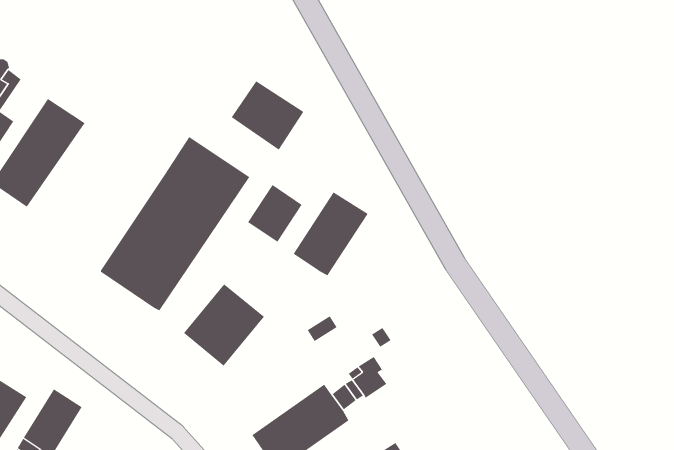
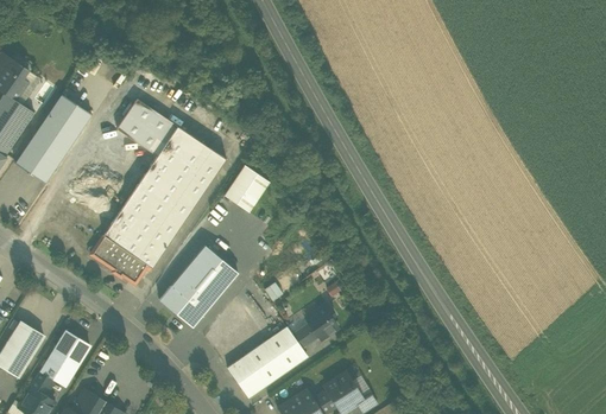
building: [231,81,305,151] -> [116,98,177,155]
building: [293,191,368,276] -> none
building: none -> [90,235,147,284]
building: none -> [159,285,204,326]

